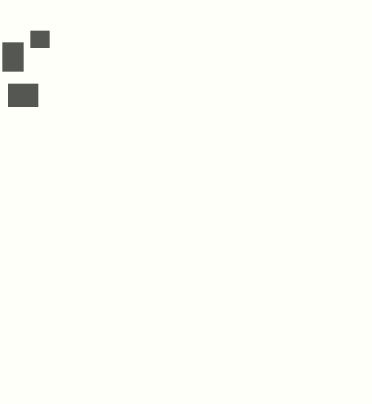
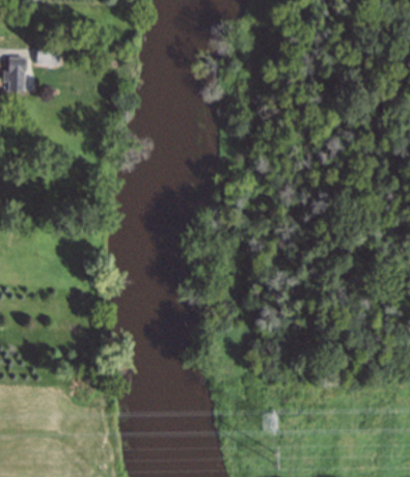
building: [8,83,39,108] -> none

